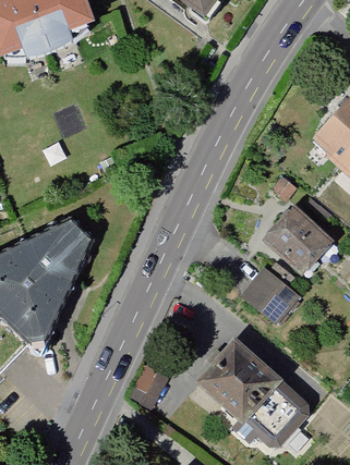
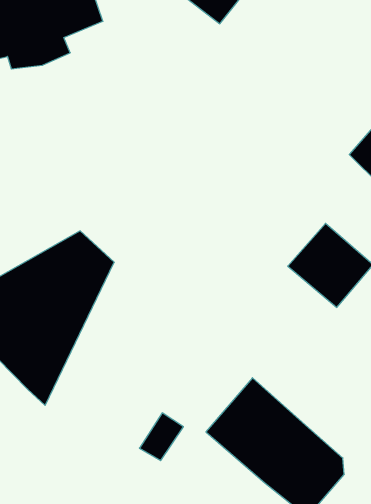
building: [240,261,301,321] -> none

